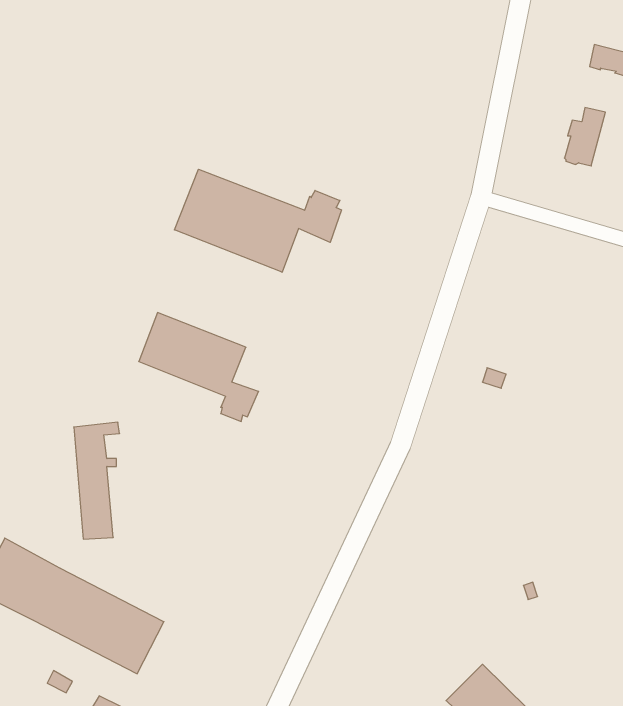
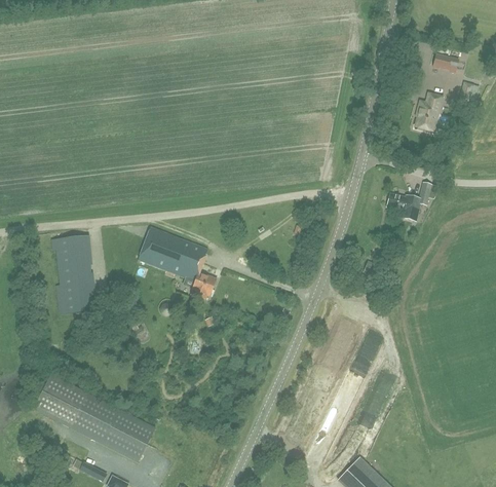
building: [174,169,342,272] -> none
building: none -> [386,181,430,220]
building: [74,422,120,539] -> [56,236,86,312]

